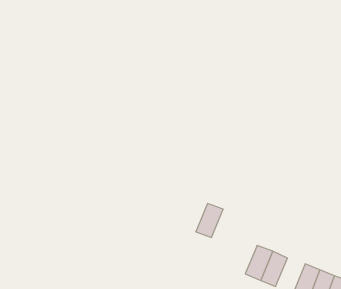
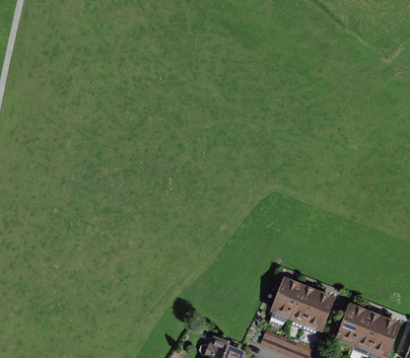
building: [196,203,223,238] -> [271,282,299,317]

